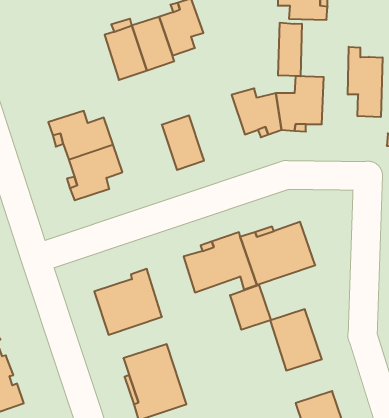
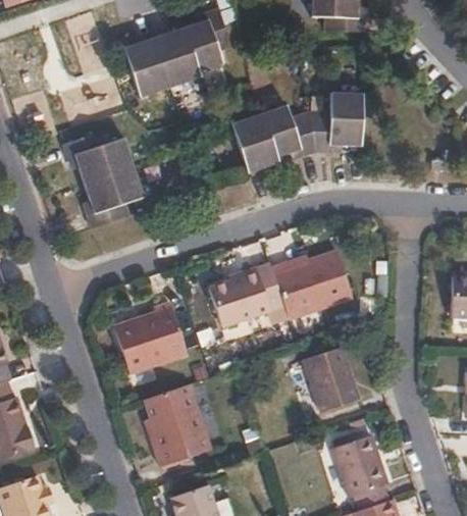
building: [278,23,302,76] -> none
building: [348,47,383,117] -> none
building: [162,115,204,170] -> [232,113,278,172]
building: [230,285,271,330] -> none

